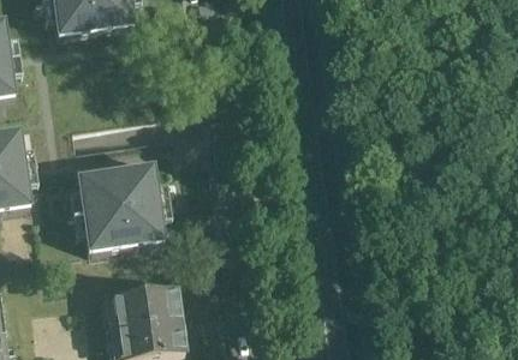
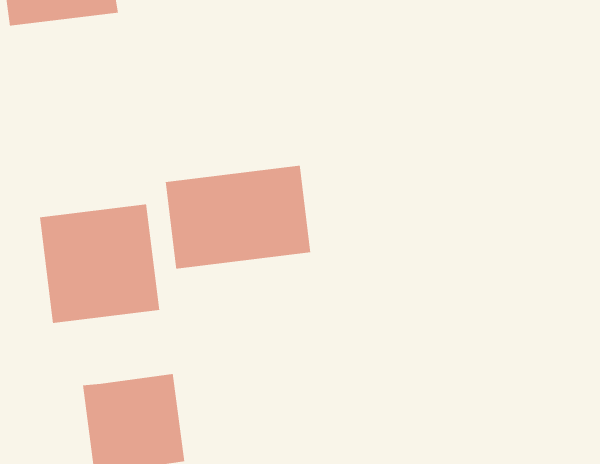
building: none -> [165,165,311,270]

